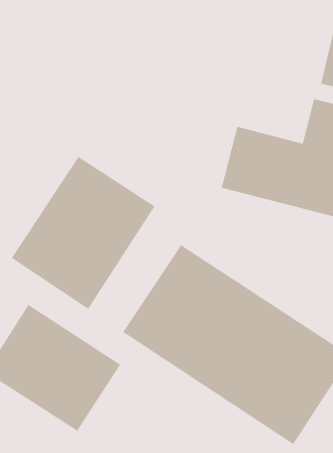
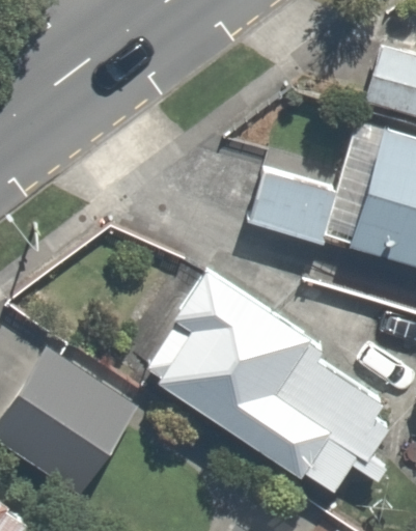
building: [11,156,156,310] -> none

